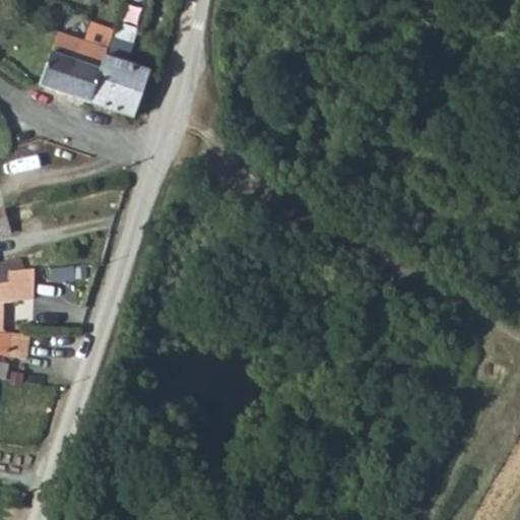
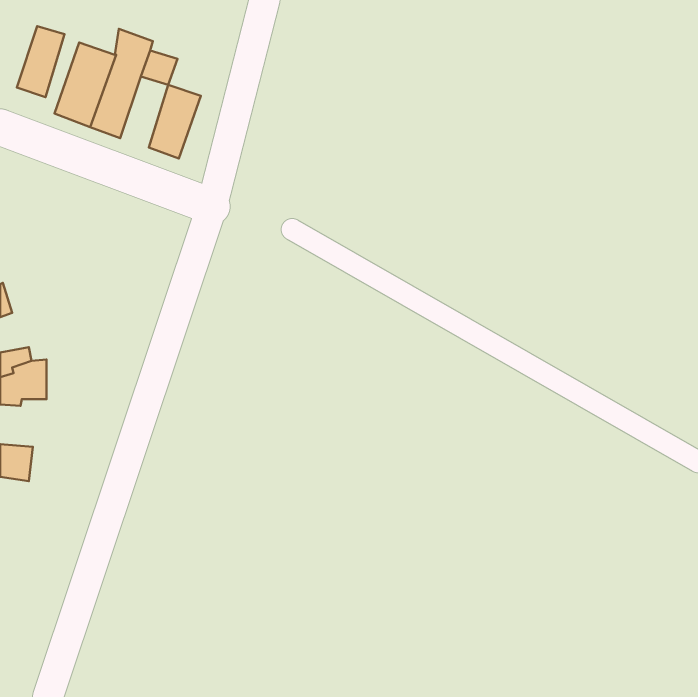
building: [89,57,125,110] -> [17,26,65,97]

